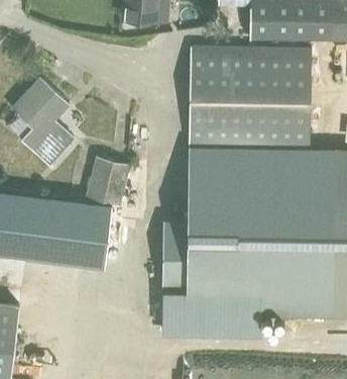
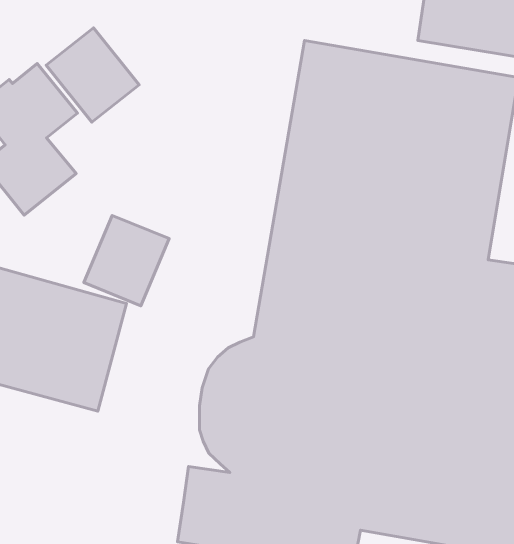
building: none -> [46,28,139,122]

